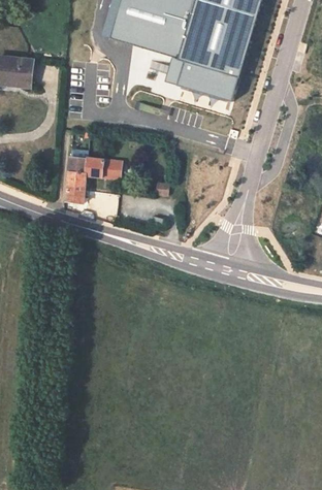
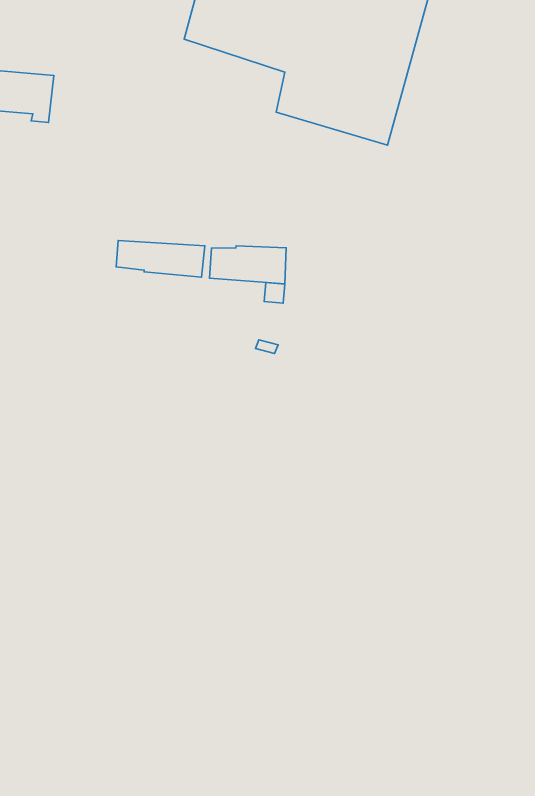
building: none -> [209,246,286,284]
building: [67,172,87,202] -> none

